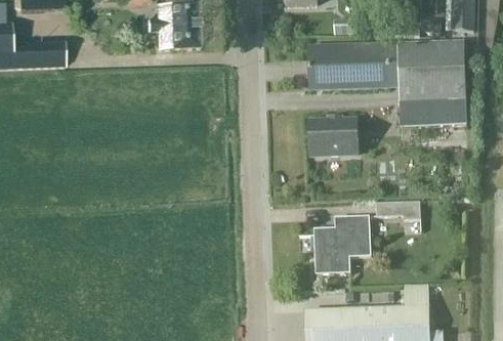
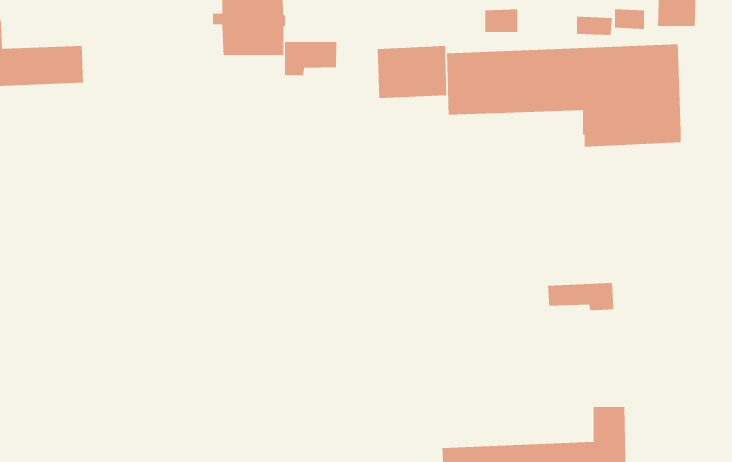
building: none -> [284,41,337,76]
building: [400,106,465,126] -> none
building: [309,118,357,154] -> [377,45,447,99]
building: [313,215,370,272] -> none

